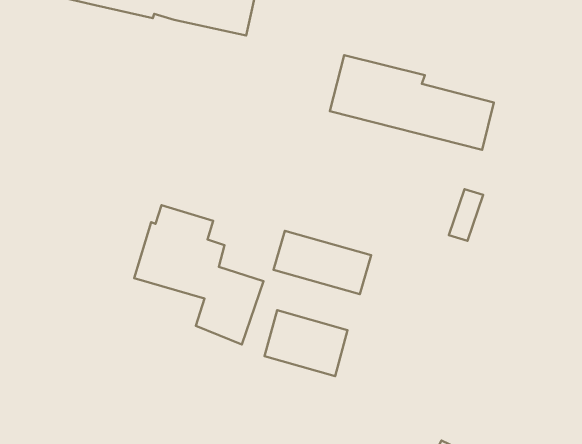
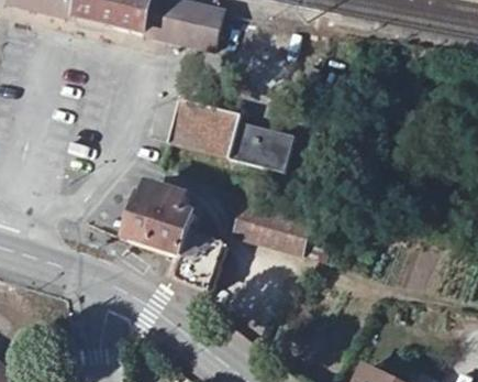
building: [330,55,494,150] -> [168,98,293,171]
building: [265,310,348,376] -> none

